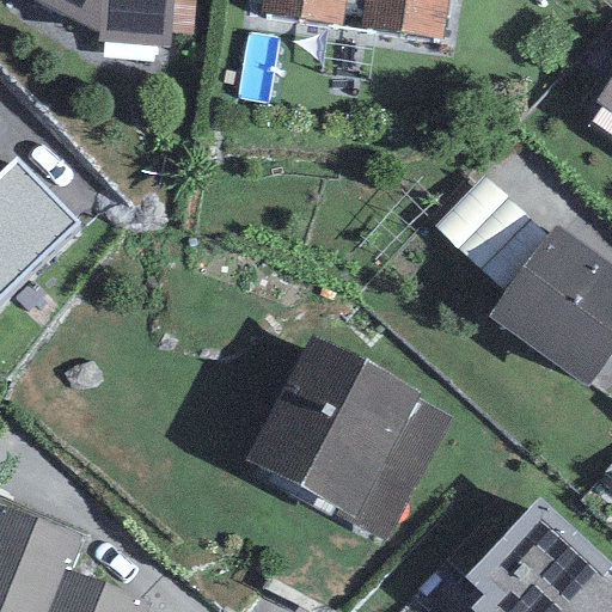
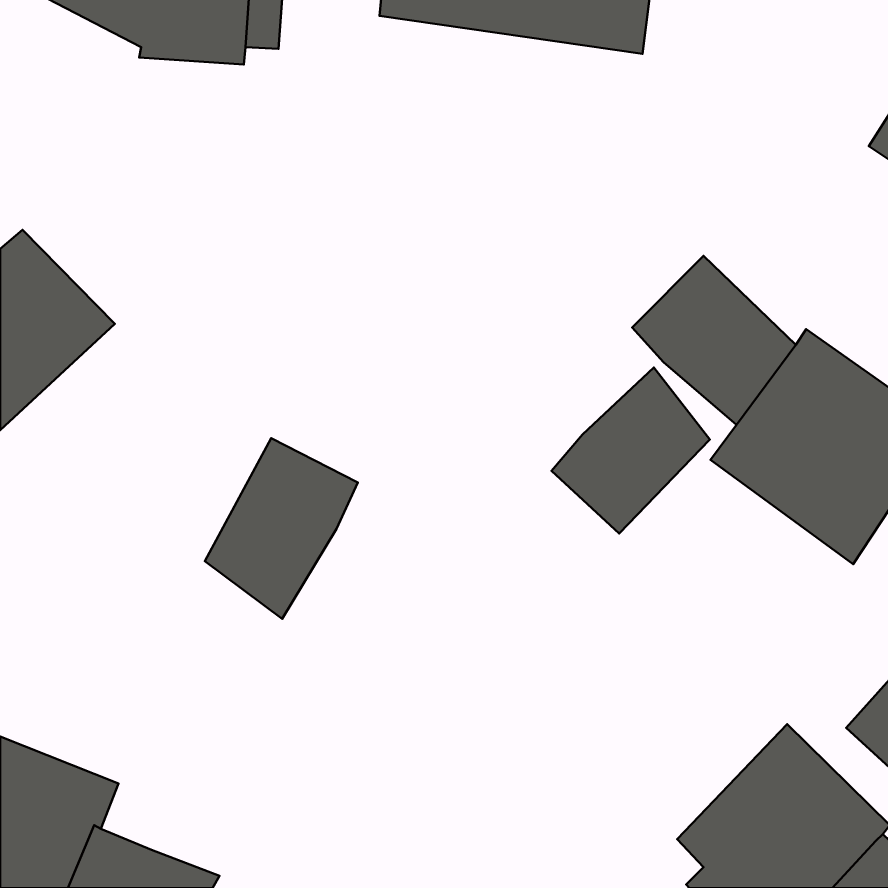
building: none -> [552,367,710,533]
building: none -> [205,438,358,619]
building: [247,333,453,540] -> none

